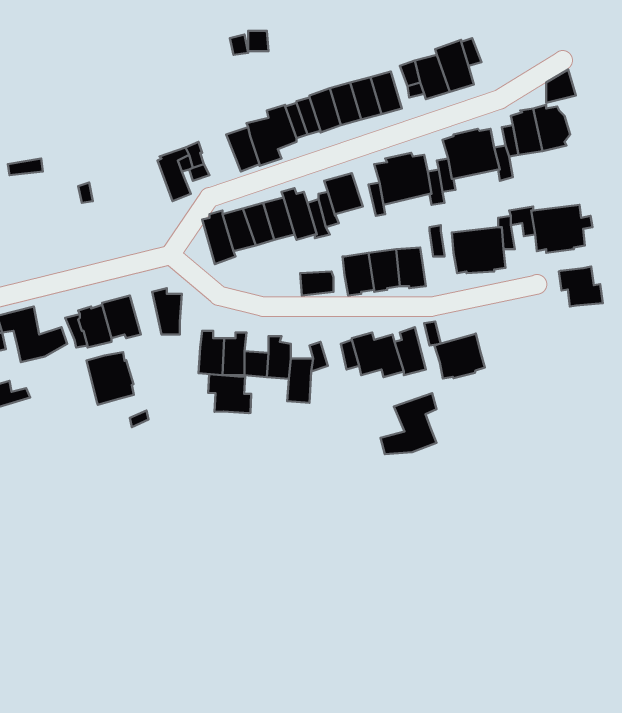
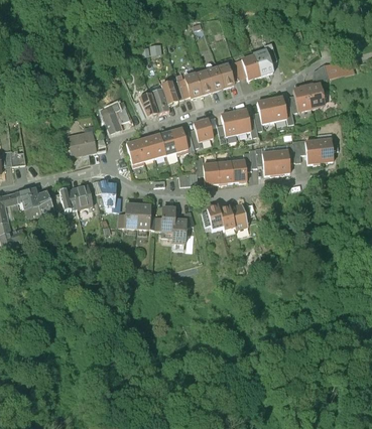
building: none -> [67,132,96,156]
building: [559,267,603,307] -> none
building: [435,333,485,378] -> none
building: [87,352,134,405] -> none
building: [208,374,251,413] -> none
building: [381,393,437,454] -> none

